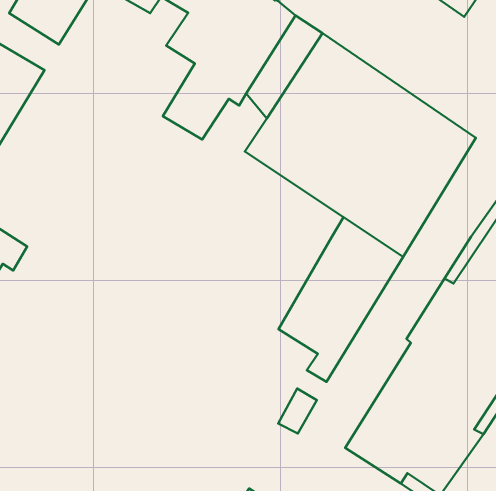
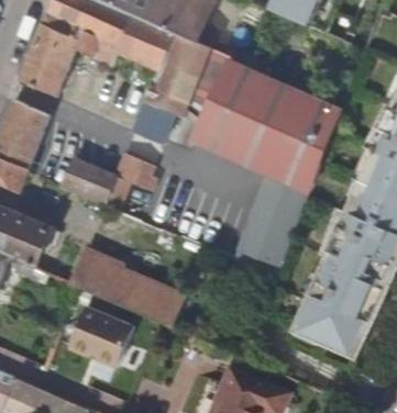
building: none -> [60,153,155,206]
building: none -> [70,249,183,325]
building: none -> [69,306,134,367]

